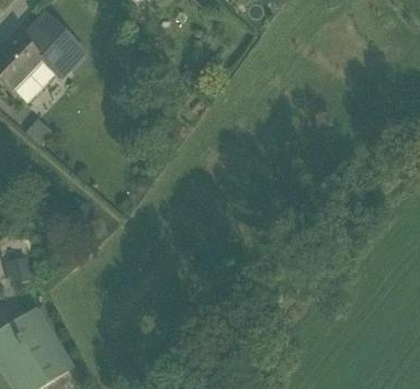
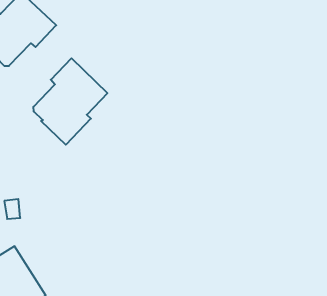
building: none -> [33,58,107,145]

